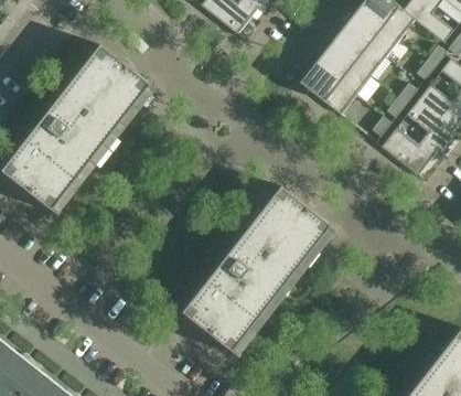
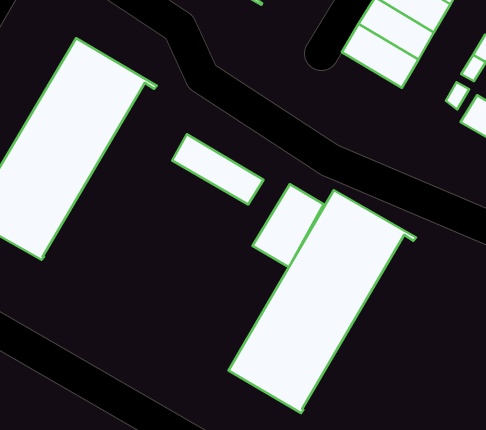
building: none -> [172,134,264,205]
building: none -> [253,184,324,267]

